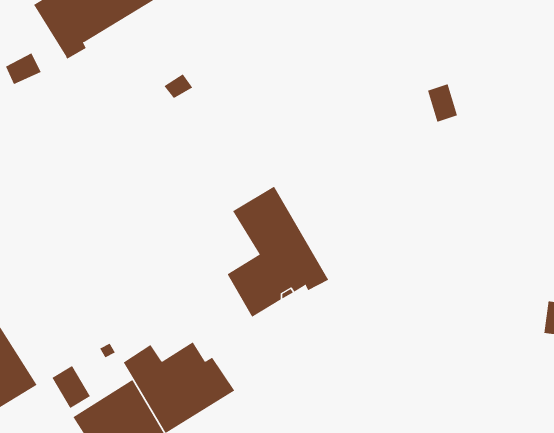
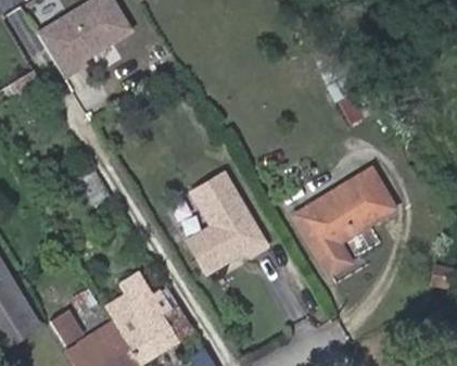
building: none -> [294,167,396,275]

